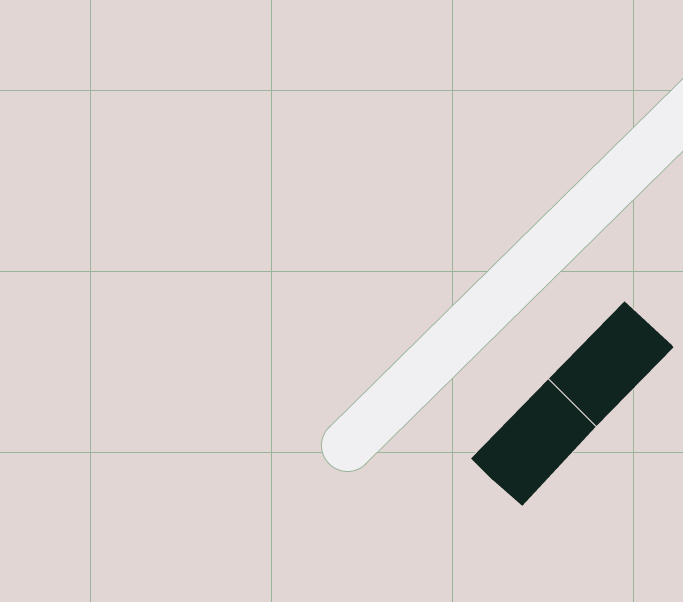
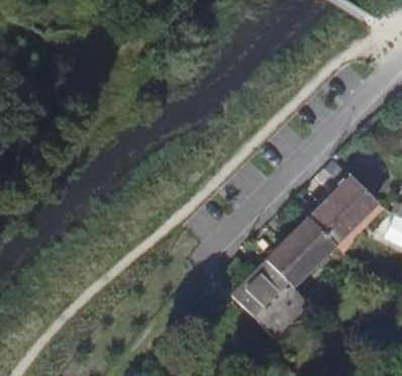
building: none -> [232,260,307,337]

